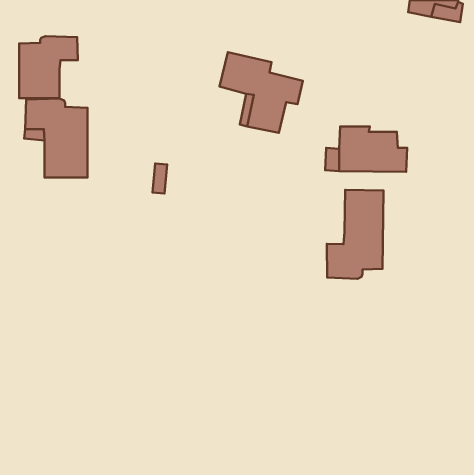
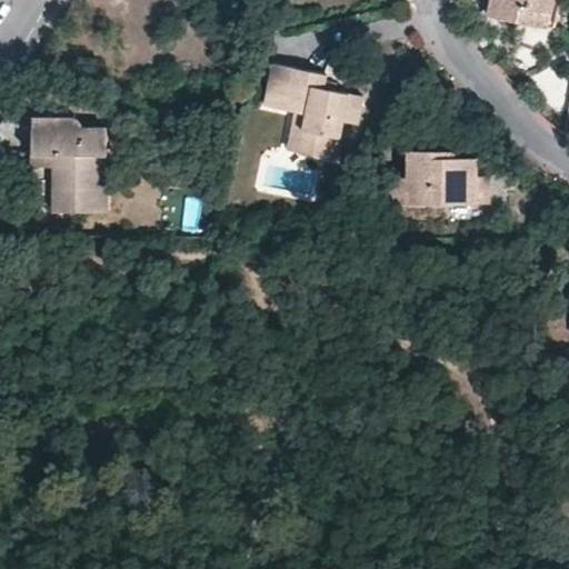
building: [19,36,78,98] -> none
building: [327,190,384,279] -> none

